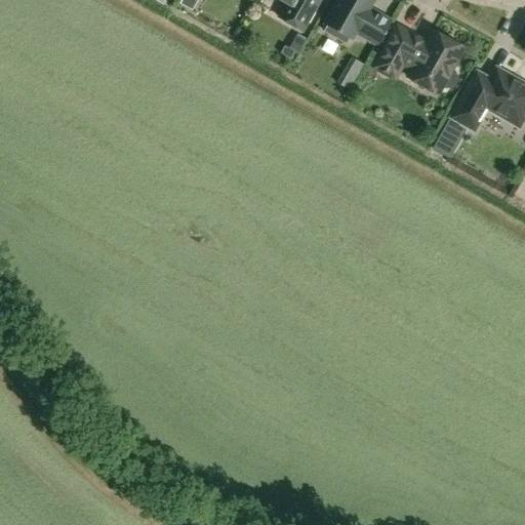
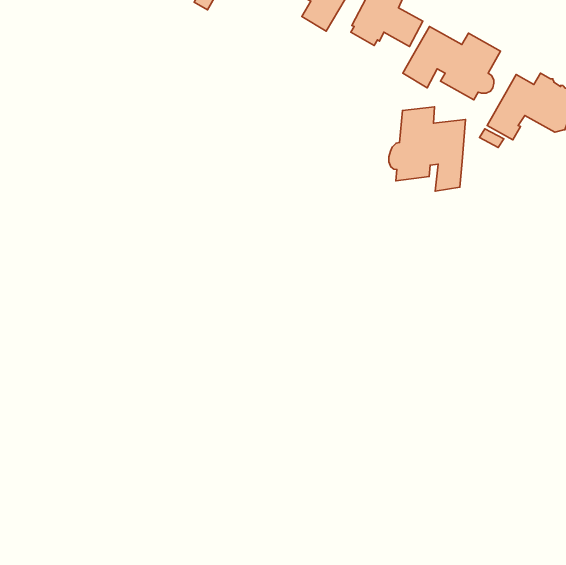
building: none -> [389,107,466,191]

